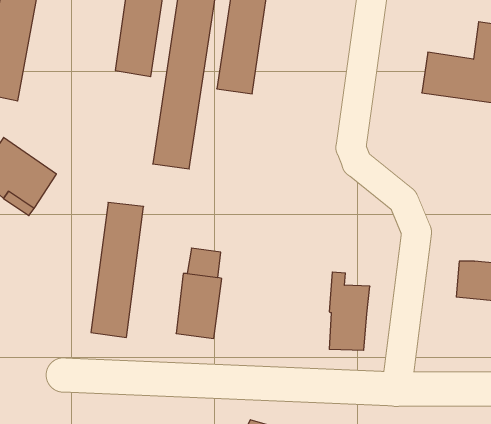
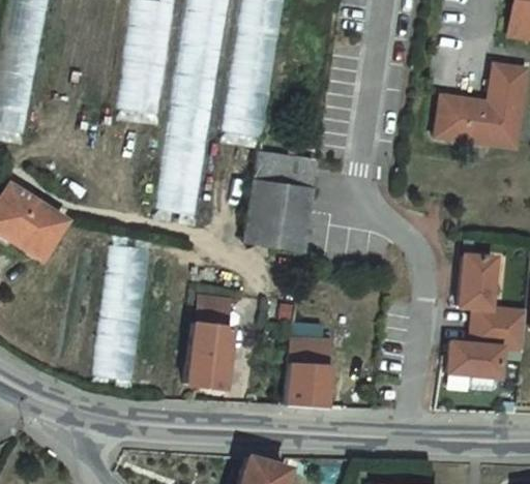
building: none -> [242,149,316,252]
building: none -> [459,253,494,306]
building: [329,272,370,350] -> [284,324,325,403]
building: none -> [447,340,501,375]

